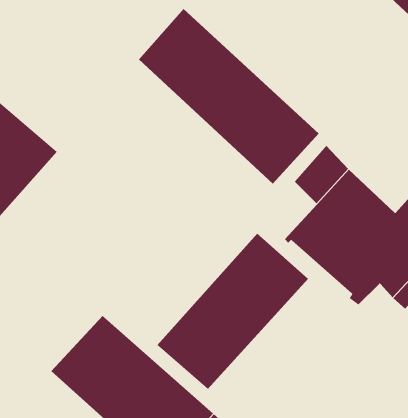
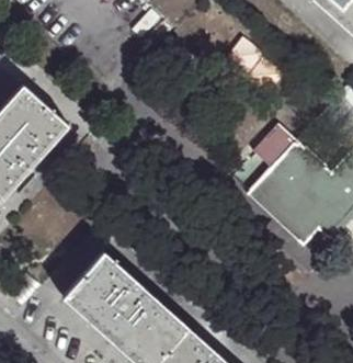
building: [138,8,320,185] -> none
building: [156,233,309,390] -> none

